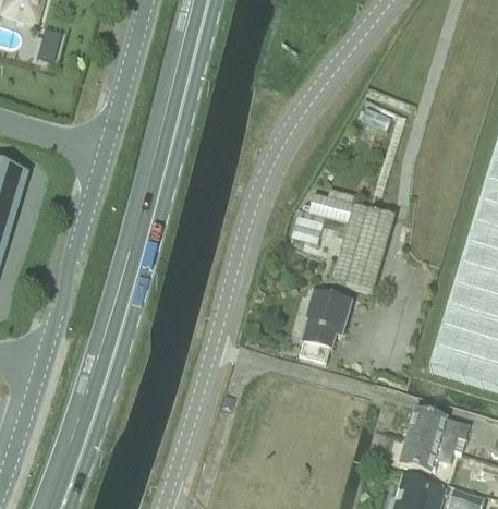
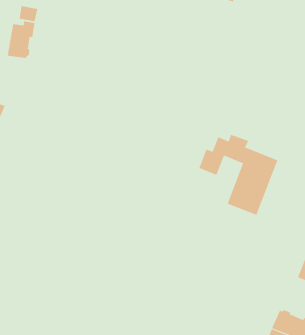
building: none -> [7,20,35,59]
building: [297,289,350,360] -> none

